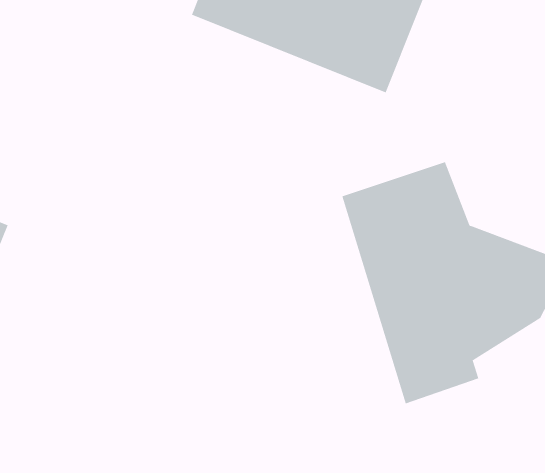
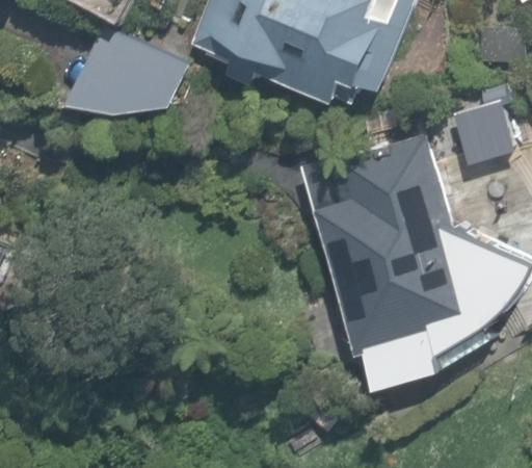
building: none -> [73,27,189,112]

